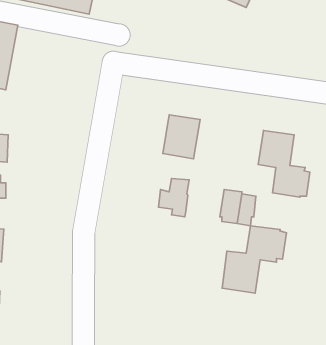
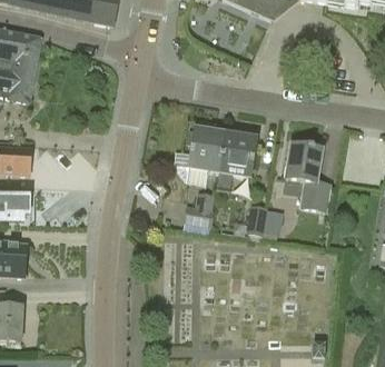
building: none -> [217,132,256,190]
building: [222,226,287,293] -> none

